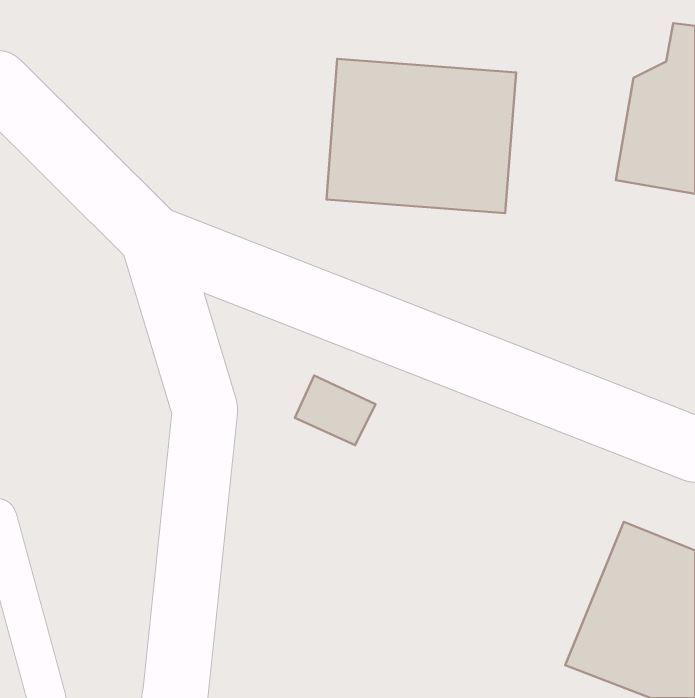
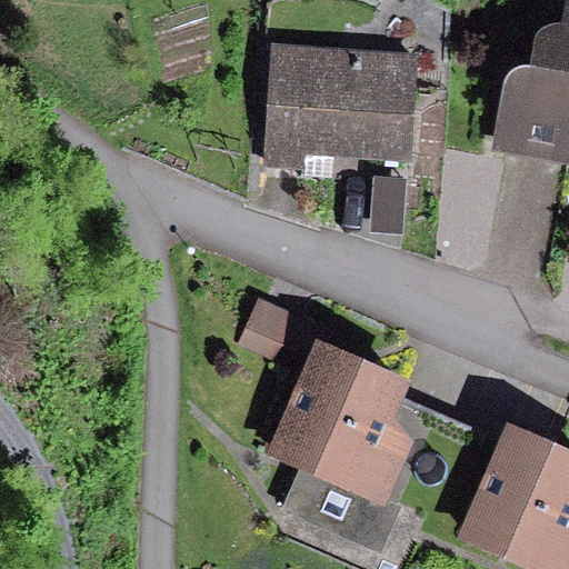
building: none -> [276,338,426,555]

